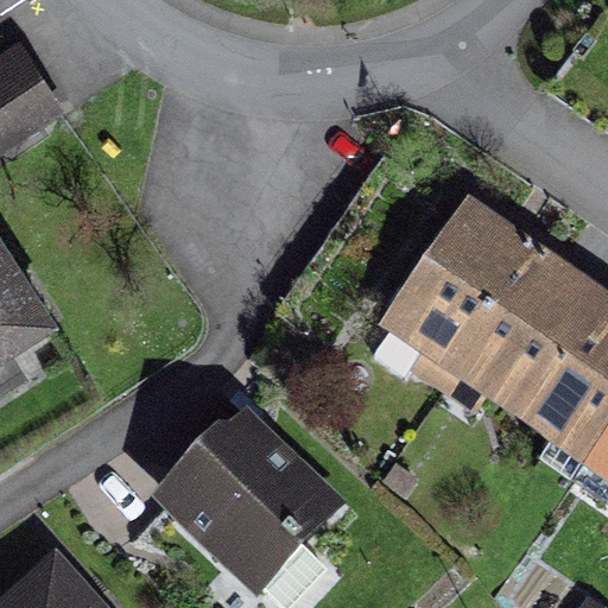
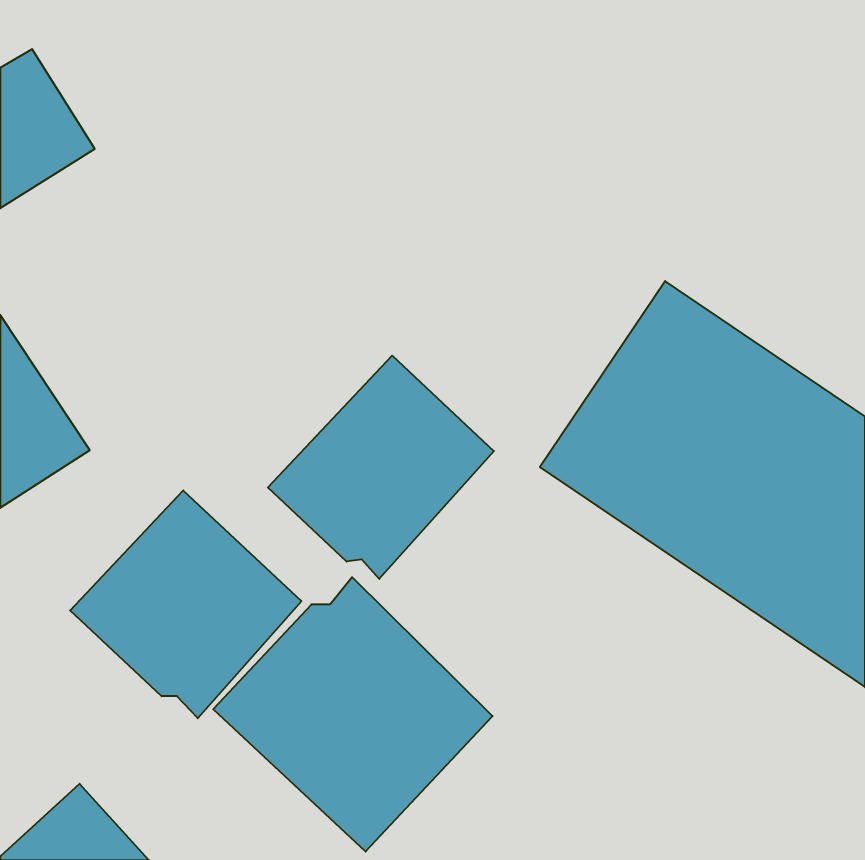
building: none -> [268,356,494,579]
building: none -> [70,490,301,718]

